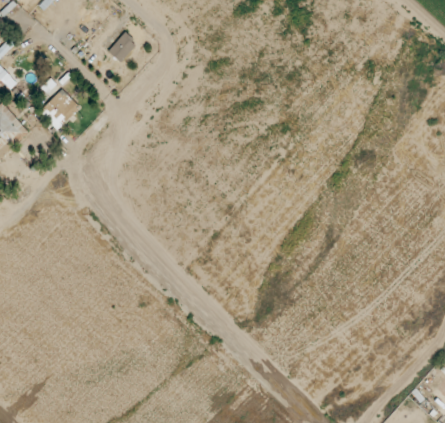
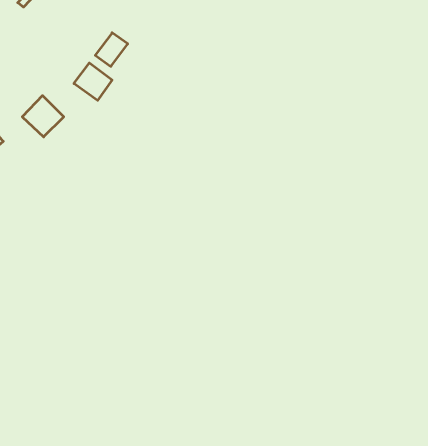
building: none -> [74,63,112,100]

